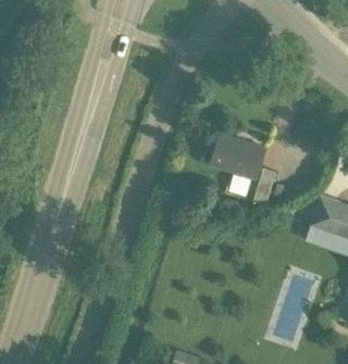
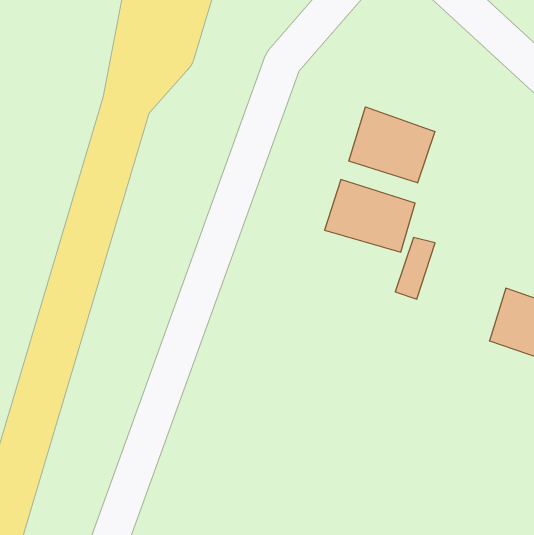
building: none -> [349,107,435,183]

